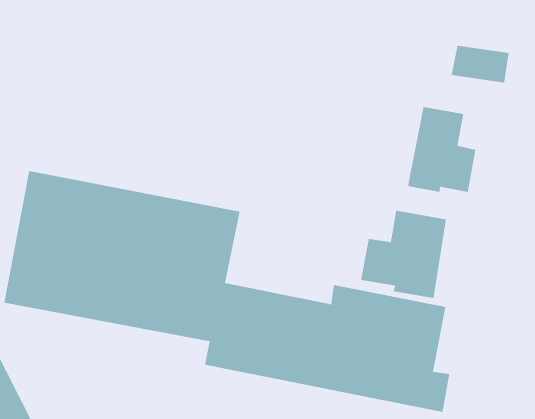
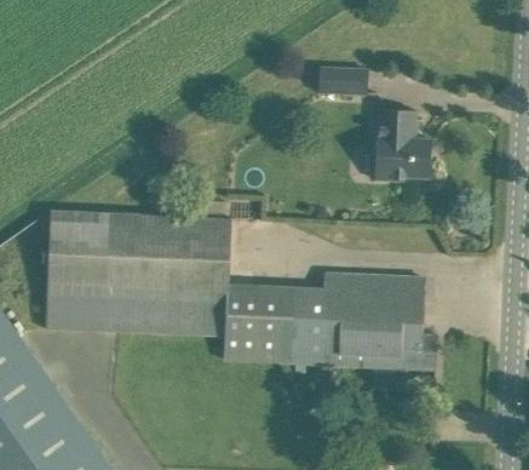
building: [451,45,509,83] -> [318,68,366,94]
building: [361,210,446,299] -> none

